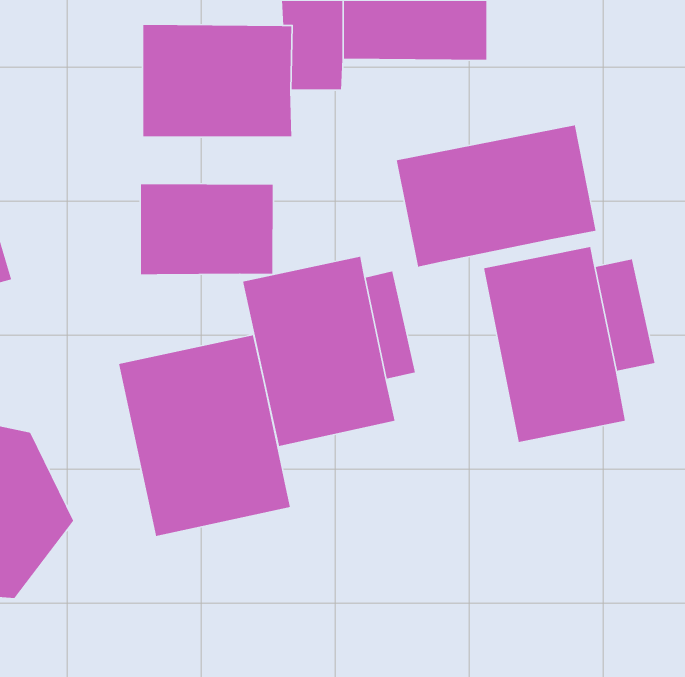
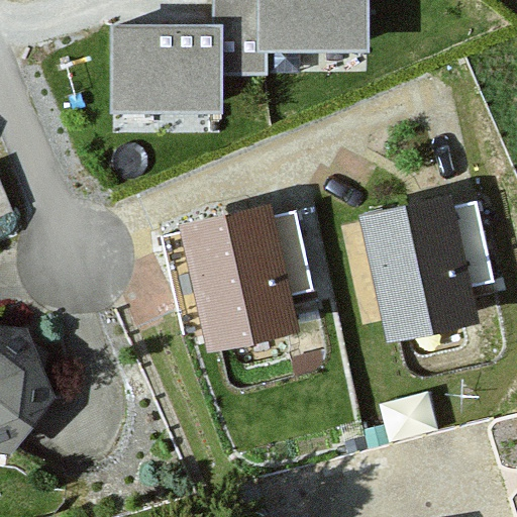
building: [396,124,596,268] -> none
building: [140,184,274,275] -> none
building: [118,334,291,537] -> none

